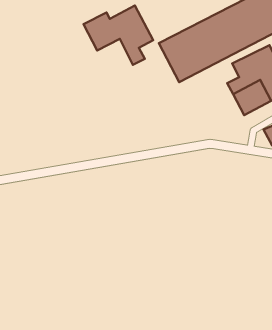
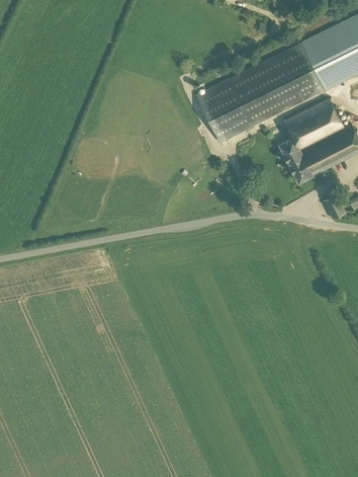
building: [83,6,153,65] -> none

